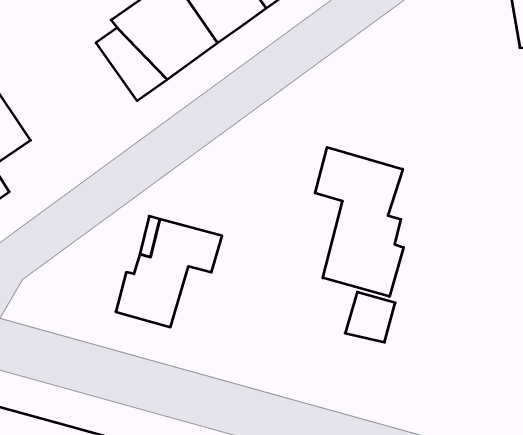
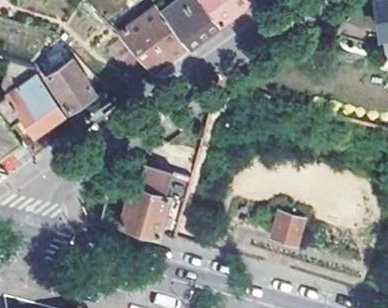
building: none -> [46,58,93,127]
building: [315,147,404,297] -> none

